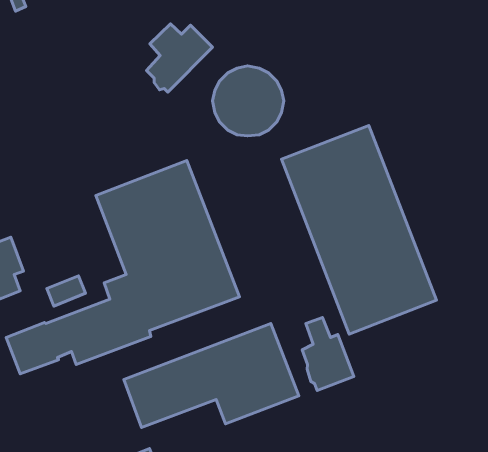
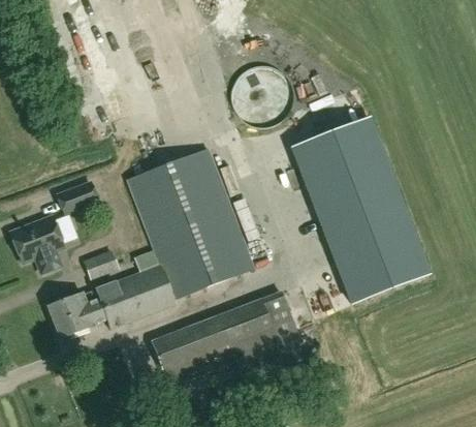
building: [147,24,213,92] -> none
building: none -> [58,181,97,211]
building: [302,317,354,391] -> none

